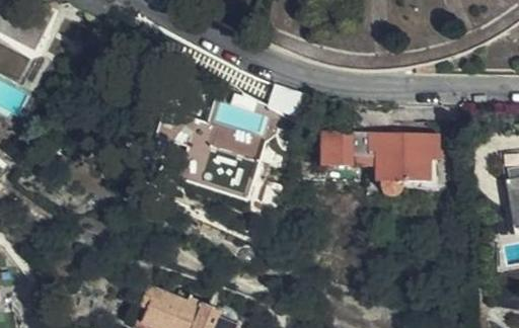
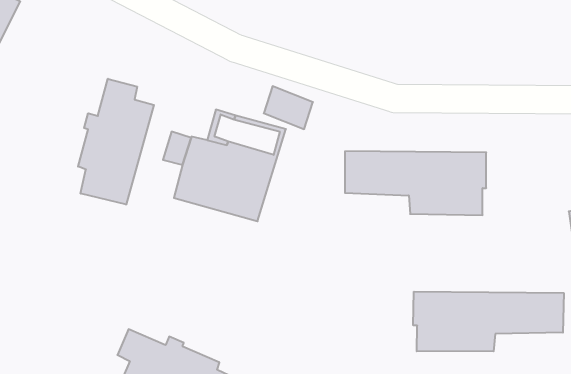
building: none -> [78,79,154,205]
building: none -> [413,292,564,351]

